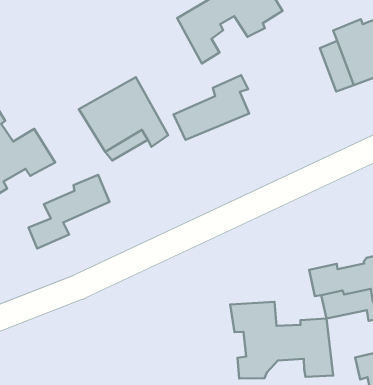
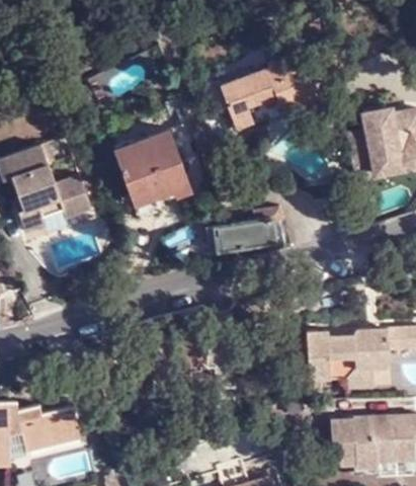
building: [173,75,249,140] -> [213,205,285,255]
building: [29,175,110,249] -> none
building: [230,302,333,378] -> none

